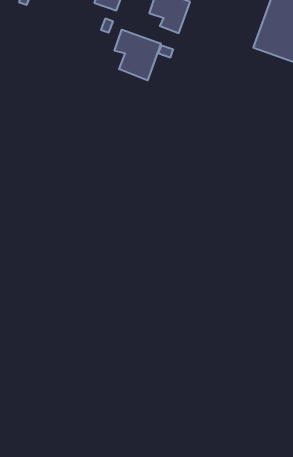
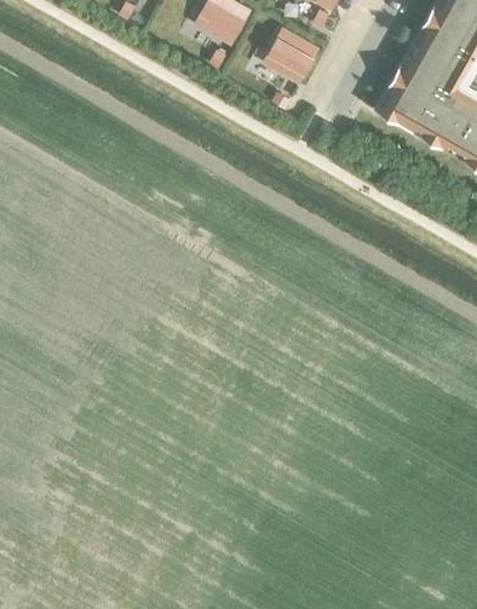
building: [115,30,161,80] -> none

